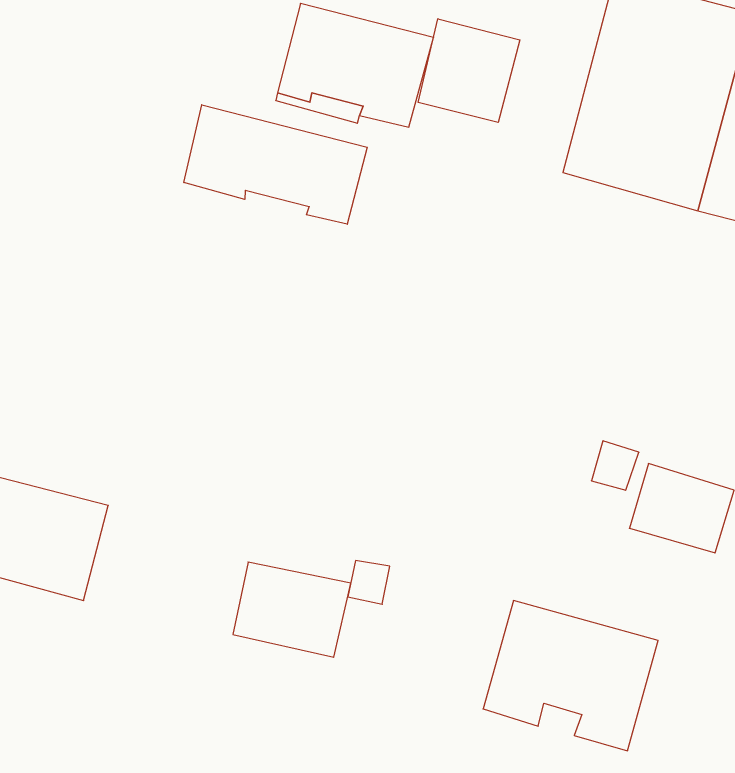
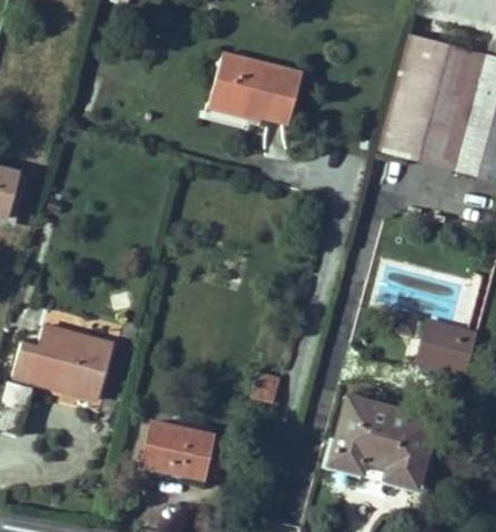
building: [418,19,520,122] -> none
building: [184,105,367,224] -> none
building: [233,562,351,657] -> [145,422,214,478]

